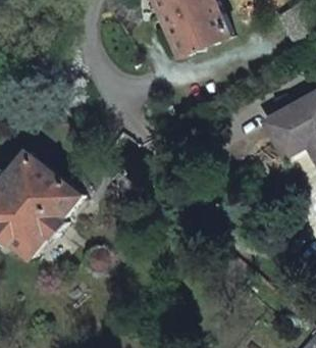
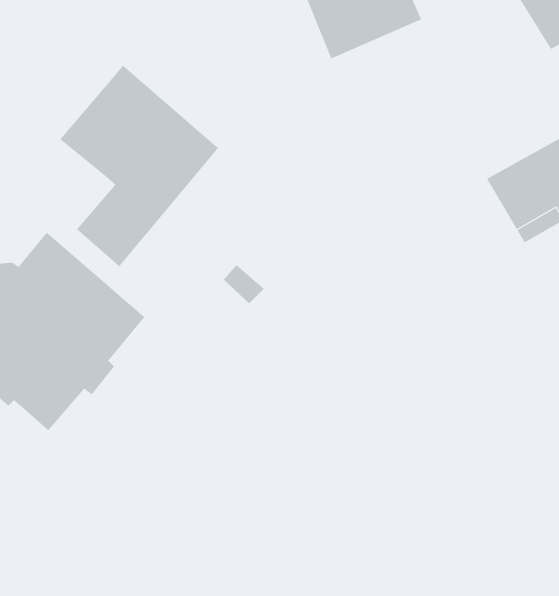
building: none -> [60,65,219,267]

